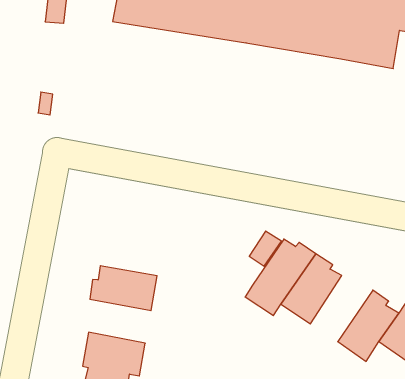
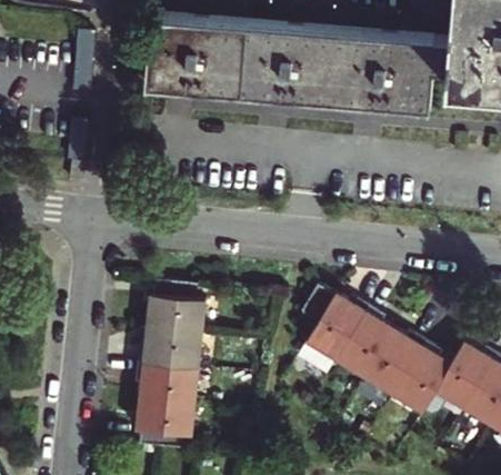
building: none -> [148,290,209,343]
building: none -> [363,328,423,395]
building: none -> [137,372,202,412]

